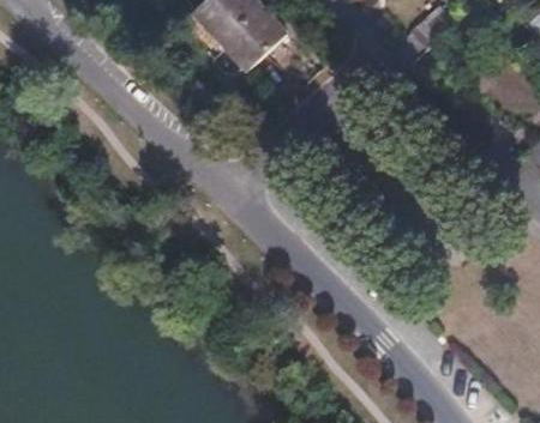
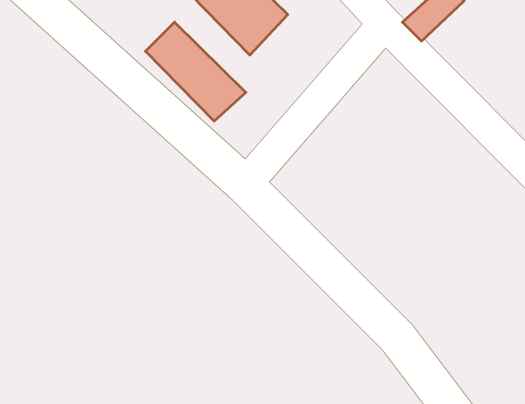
building: none -> [145,22,246,121]

